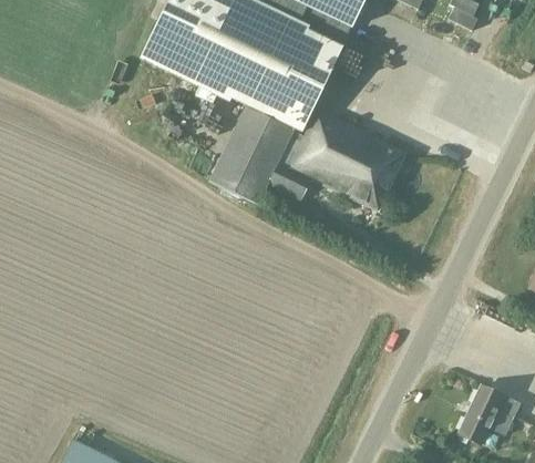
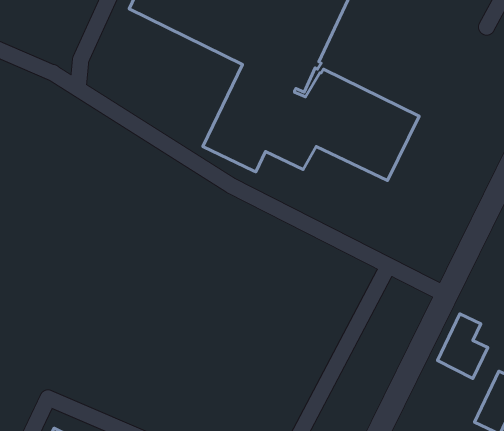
building: none -> [437,314,488,379]

